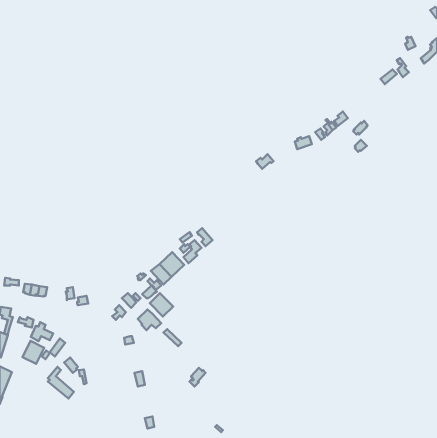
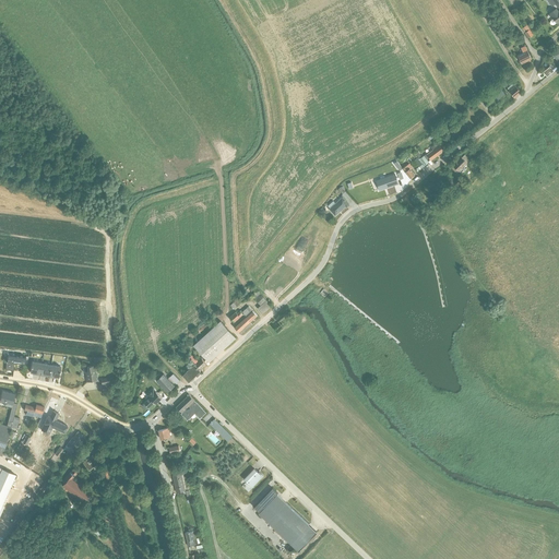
building: [150,293,173,317] -> none
building: [23,341,44,364] -> none
building: none -> [253,488,316,551]

